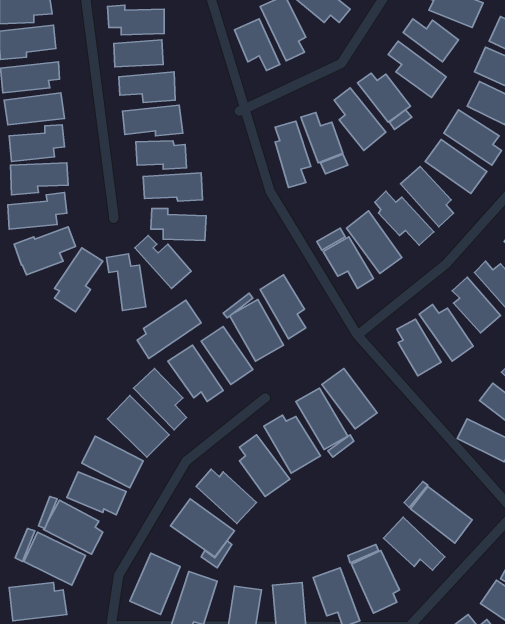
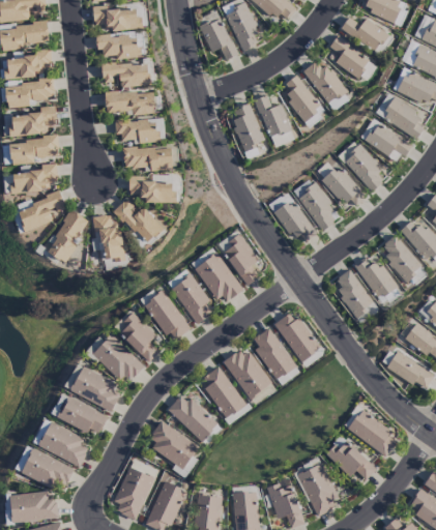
building: [137,300,201,358] -> none

